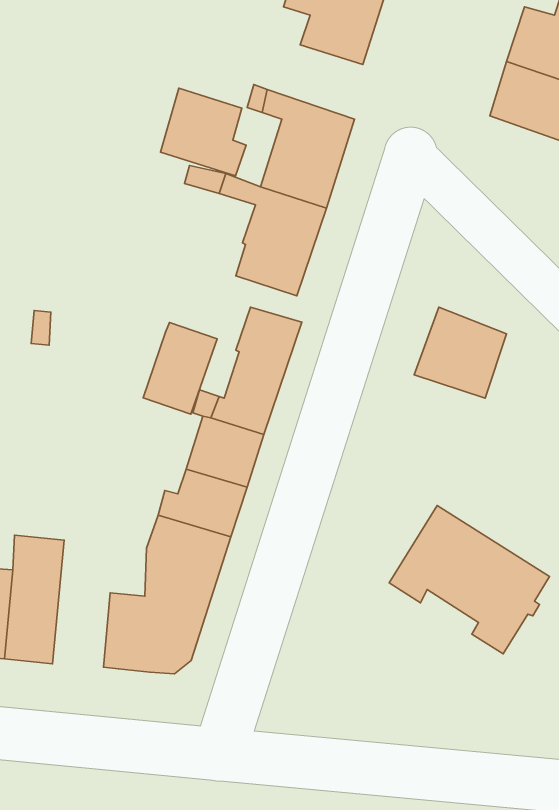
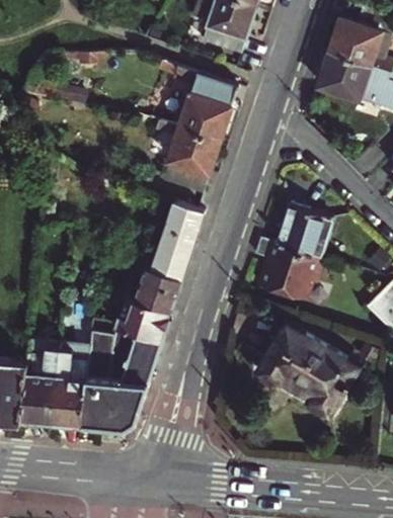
building: [161,88,246,176] -> none
building: [143,323,217,414] -> none
building: none -> [253,239,322,300]
building: none -> [51,335,88,423]

